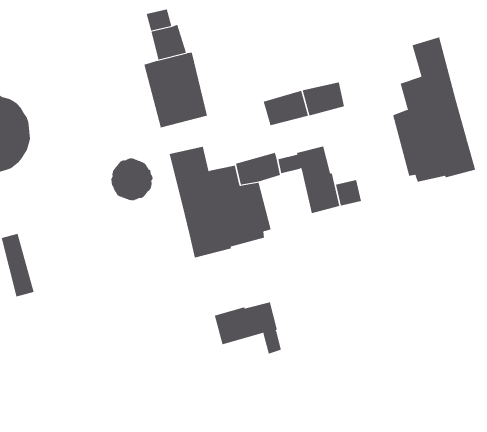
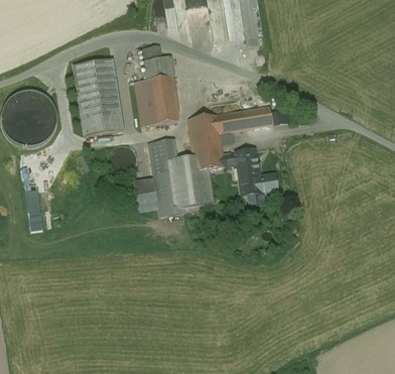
building: [381,14,476,183] -> none
building: none -> [73,58,122,135]
building: none -> [187,115,222,155]
building: none -> [133,178,156,204]
building: [214,301,281,354] -> none

